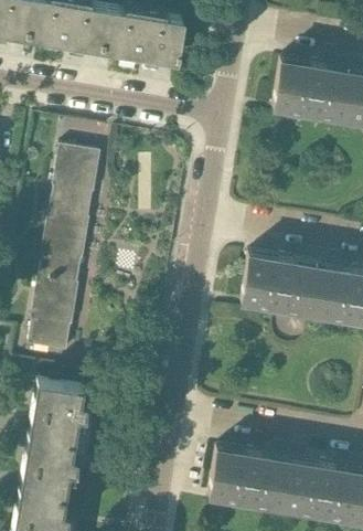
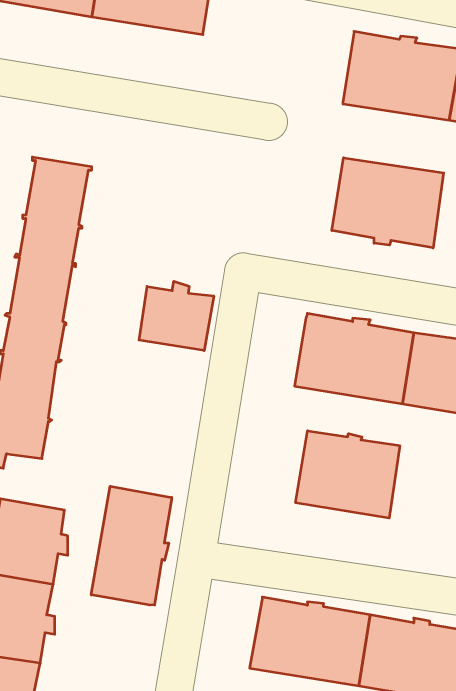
building: none -> [332,158,444,248]
building: none -> [139,281,214,351]
building: none -> [296,431,400,518]
building: none -> [91,486,172,605]

